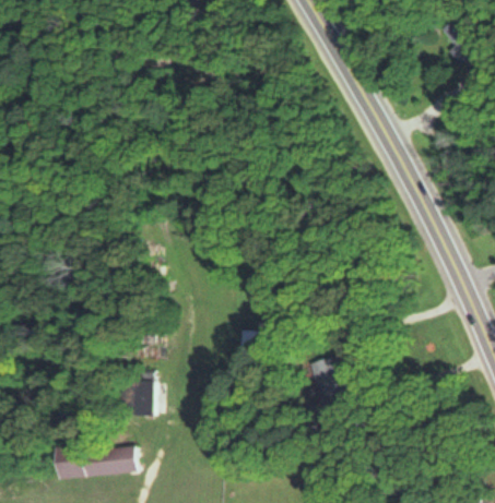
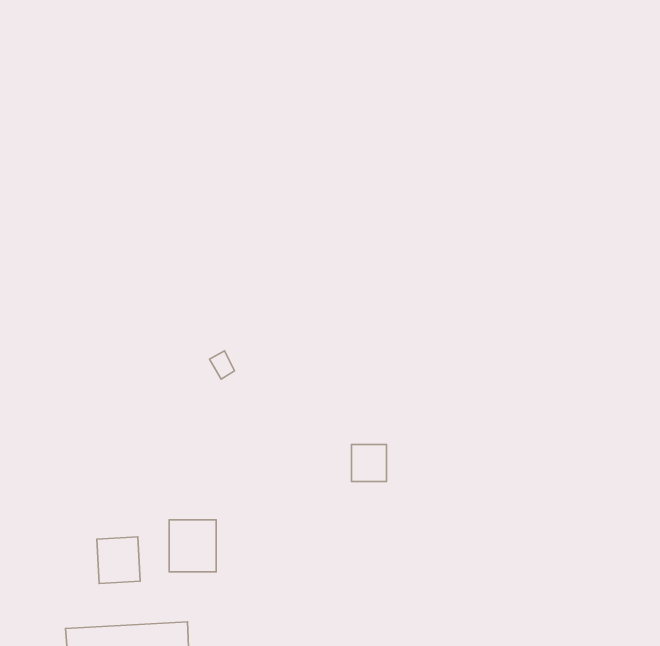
building: [316,359,338,399] -> none
building: none -> [97,537,140,583]

